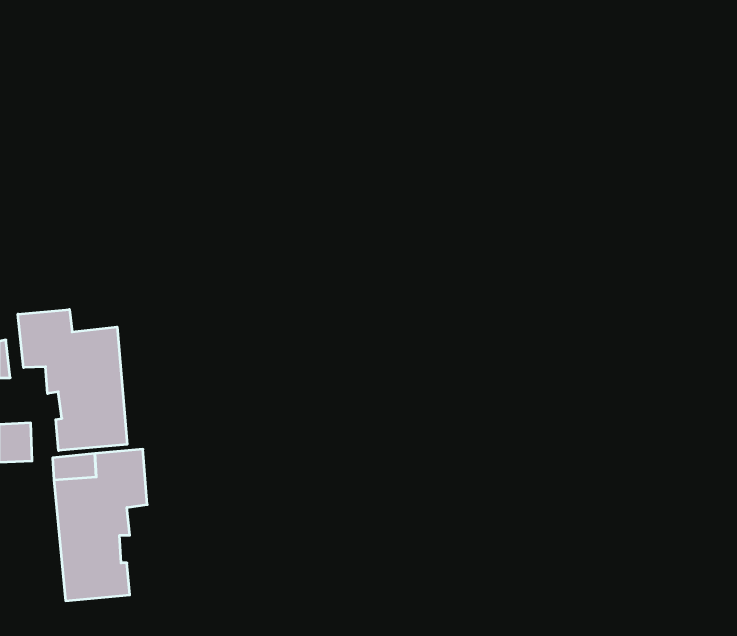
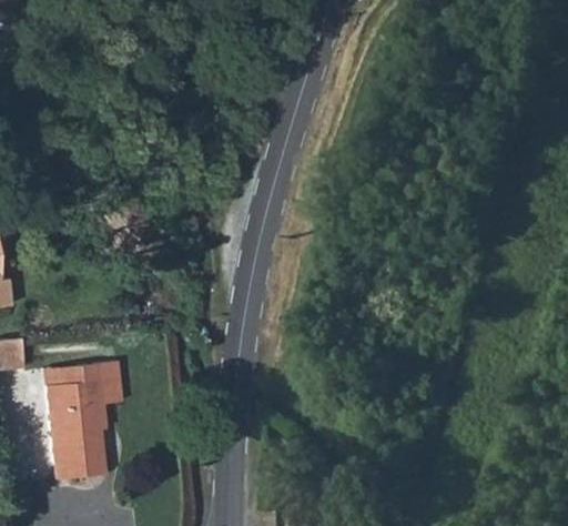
building: [18,309,127,451] -> none

